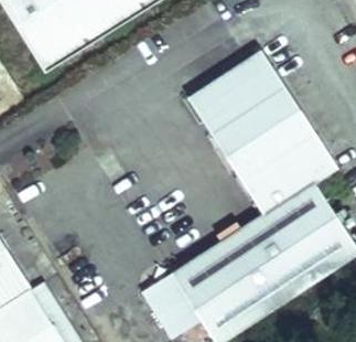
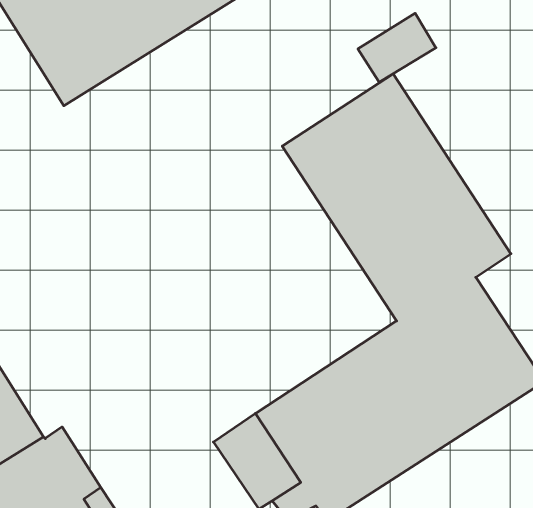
building: none -> [358,13,436,82]

